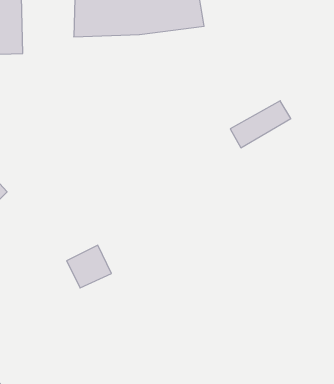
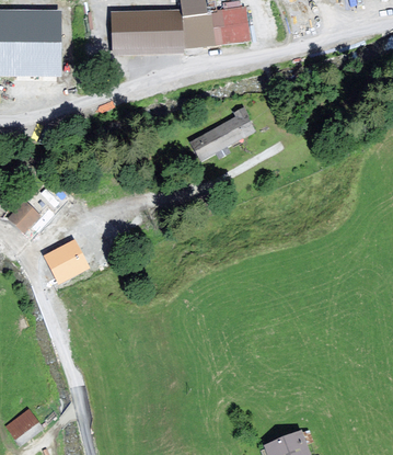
building: [230,101,291,148] -> [187,113,251,162]
building: [67,245,111,288] -> [43,238,90,283]

